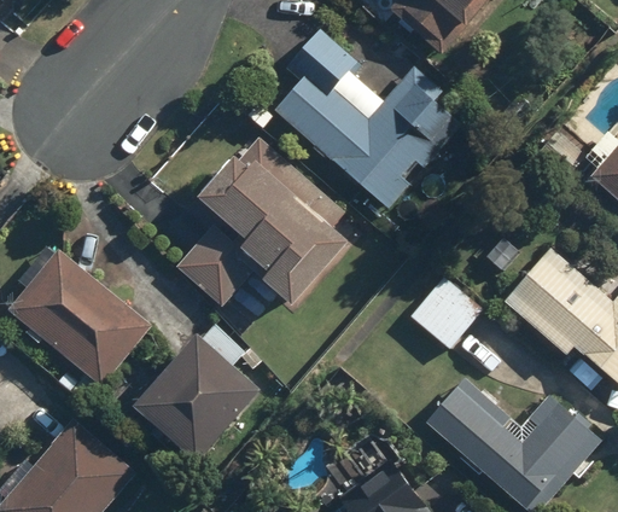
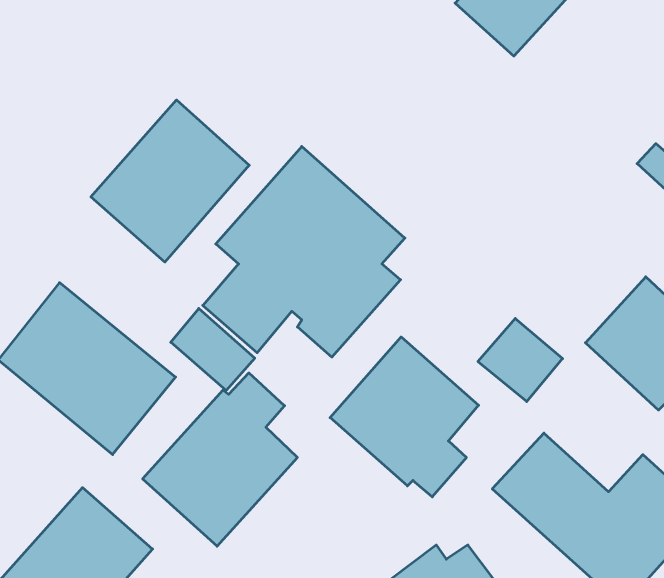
building: [273,27,467,209] -> none
building: none -> [91,100,249,262]
building: none -> [171,308,255,391]
building: none -> [330,337,479,497]

